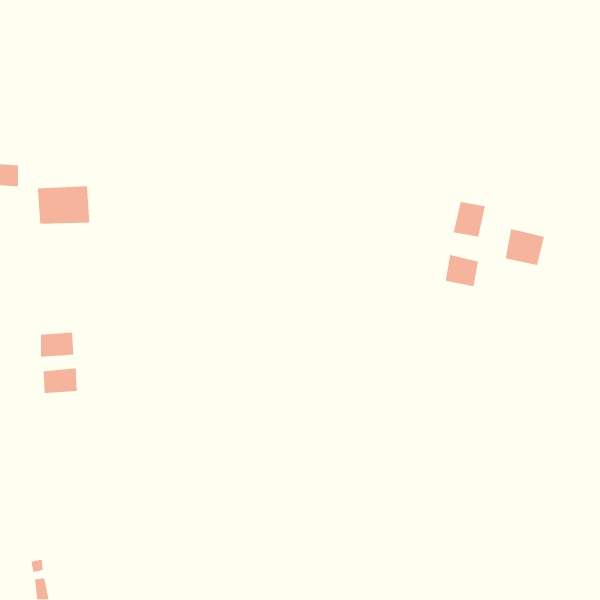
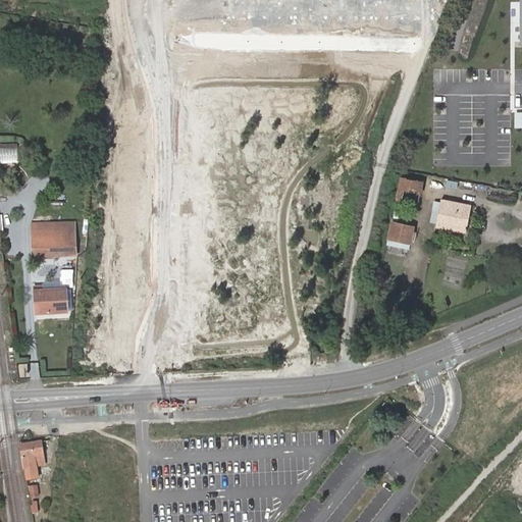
building: [37,186,90,224] -> [31,222,76,256]
building: [43,367,77,394] -> none
building: none -> [19,438,42,463]

